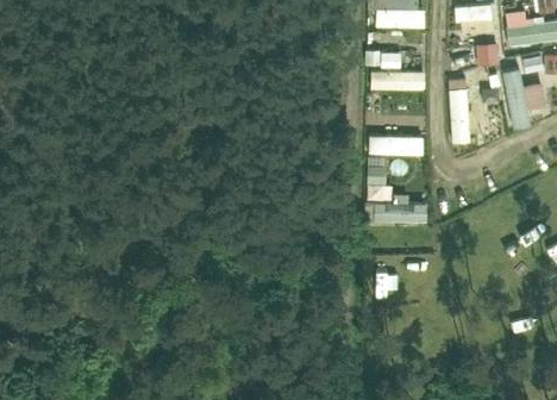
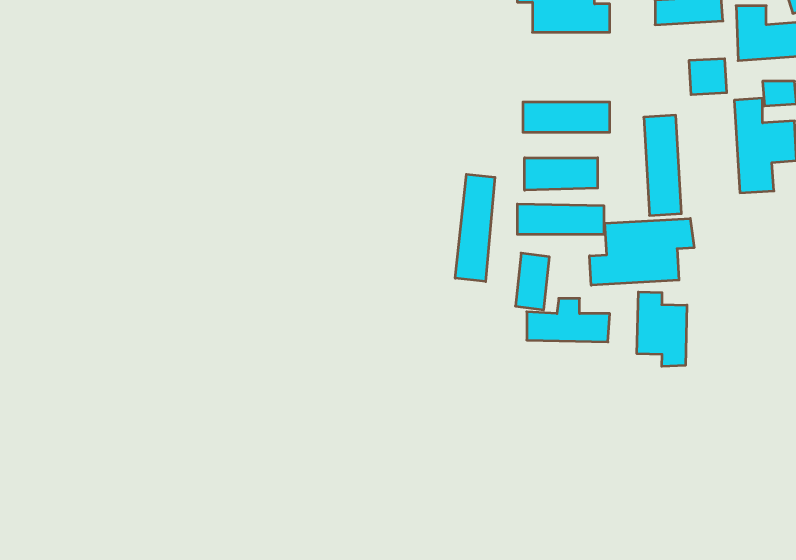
building: none -> [525,158,598,190]
building: none -> [455,174,495,282]
building: none -> [590,218,694,285]
building: none -> [637,292,687,366]

